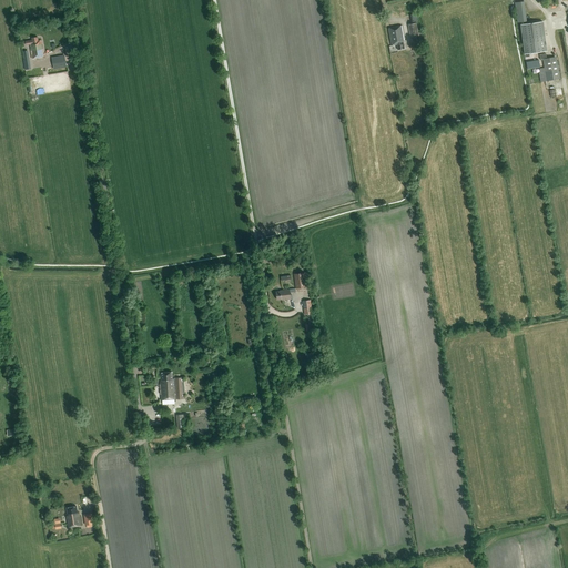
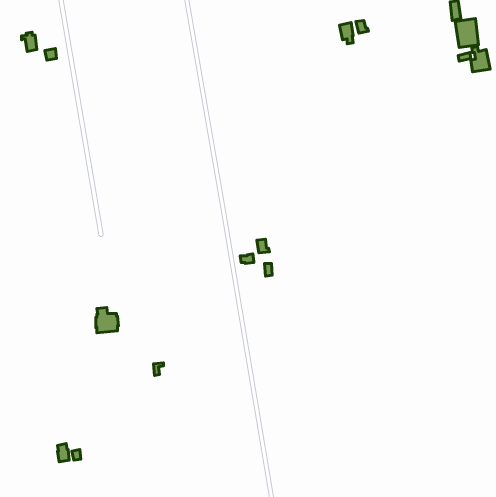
building: [159,372,184,400] -> [96,307,118,333]

